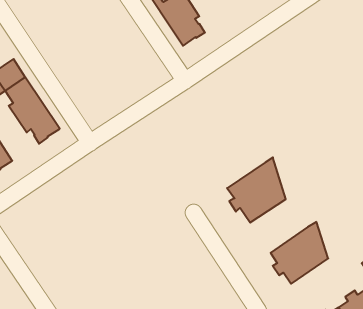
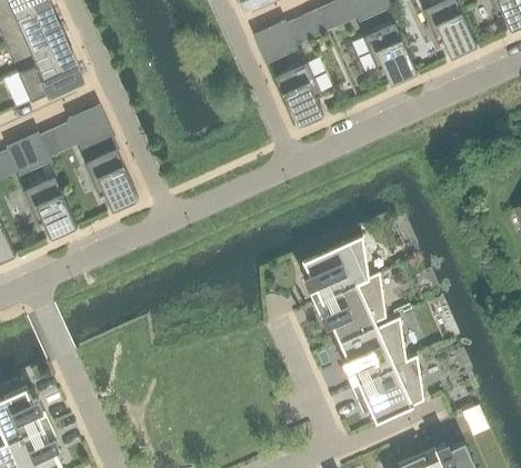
building: none -> [302,235,369,299]
building: none -> [340,317,405,382]

